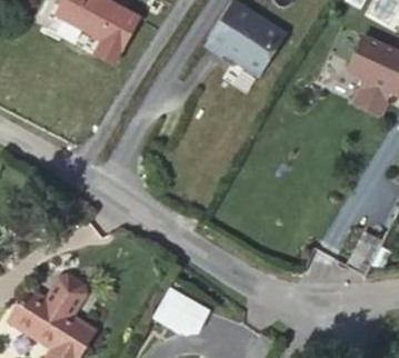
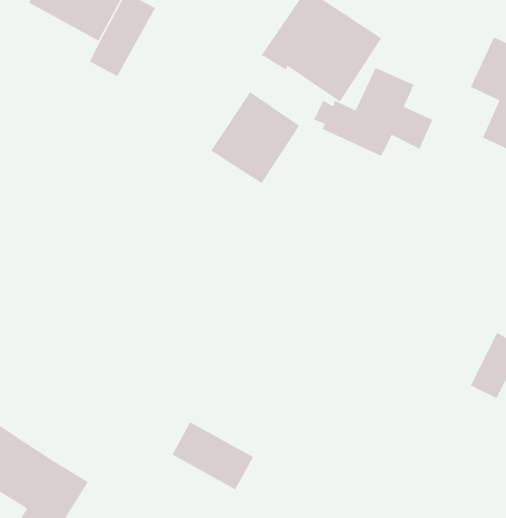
building: none -> [313,67,434,157]
building: none -> [210,91,300,184]
building: [46,274,86,315] -> none

